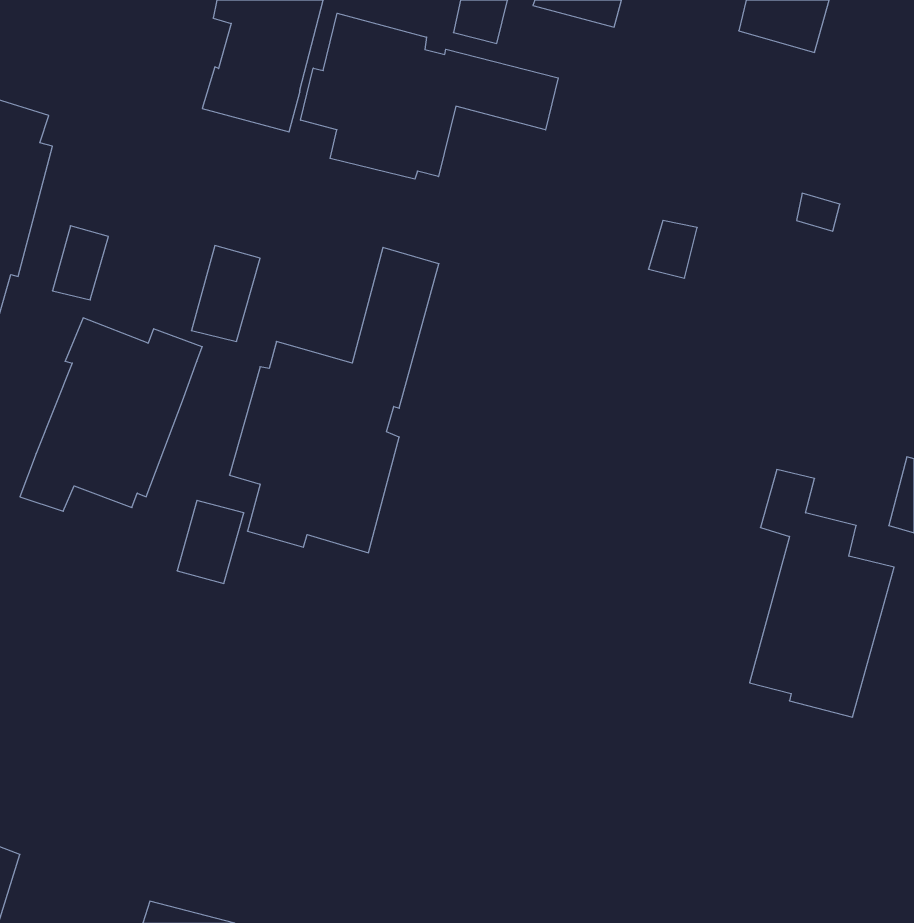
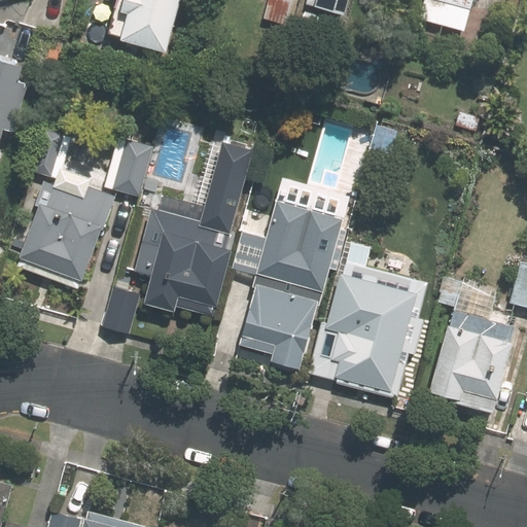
building: [301,13,558,179] -> none
building: none -> [230,198,341,366]
building: none -> [319,262,427,396]

